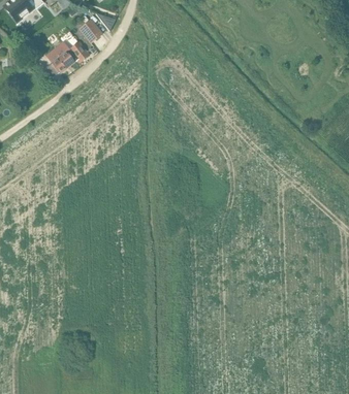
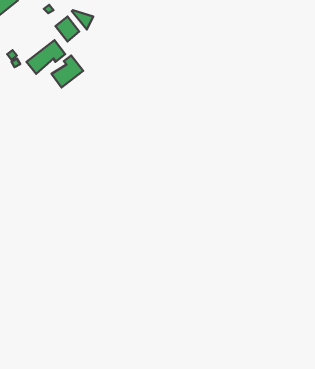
building: none -> [52,55,83,87]

